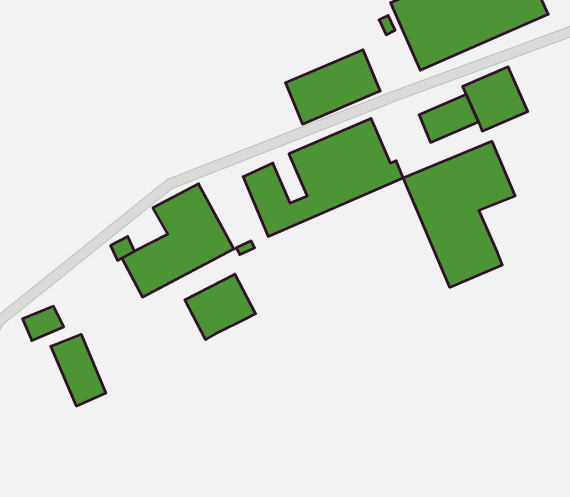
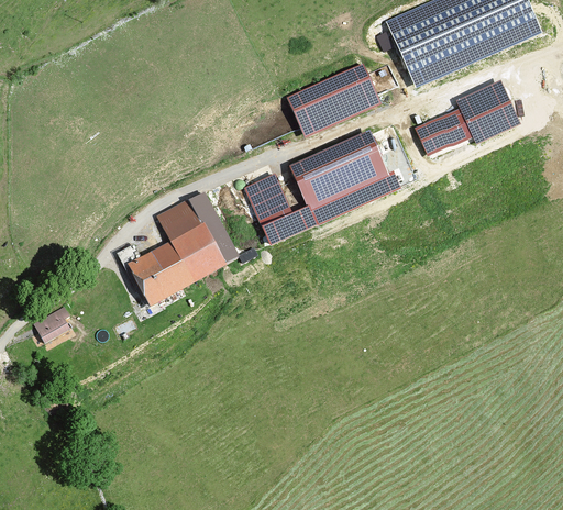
building: [403,141,515,287] -> none
building: [185,274,256,340] -> none
building: [51,334,106,406] -> none

